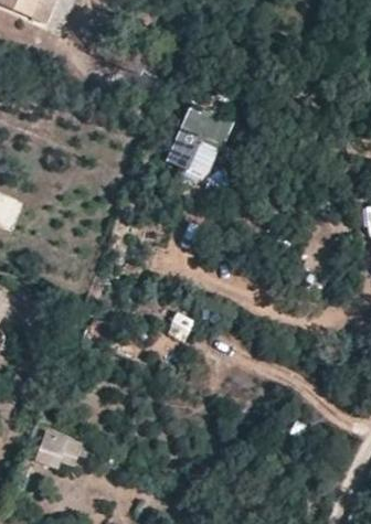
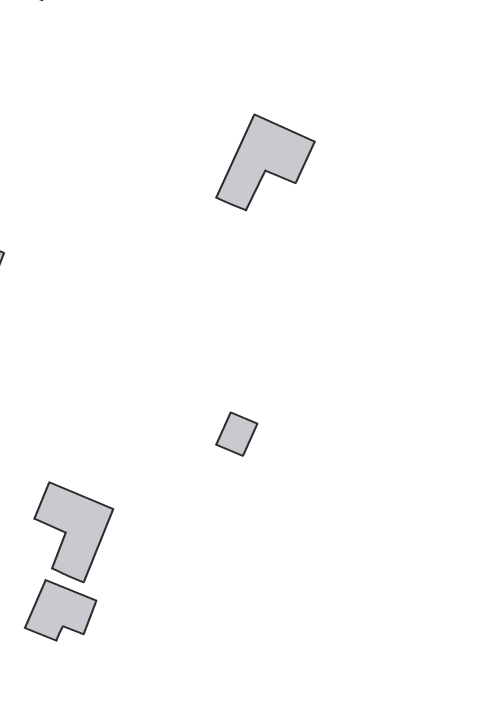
building: none -> [34,482,113,582]

